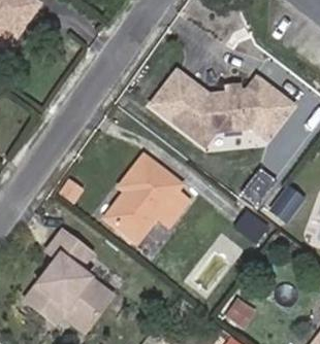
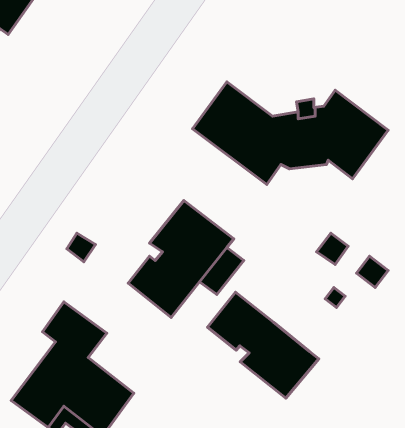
building: none -> [208,292,319,398]

